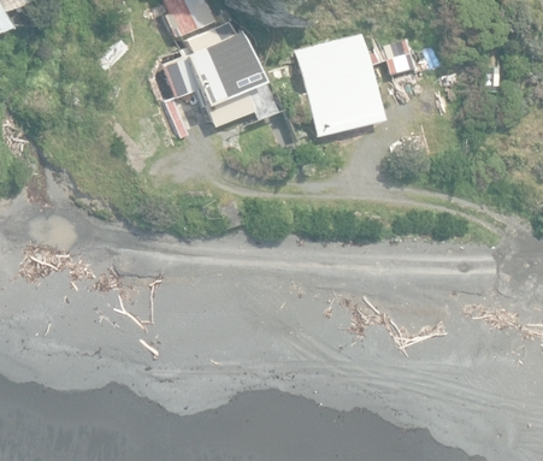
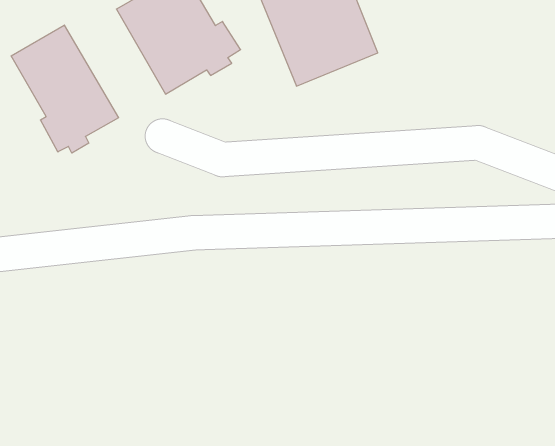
building: none -> [11,25,119,153]

